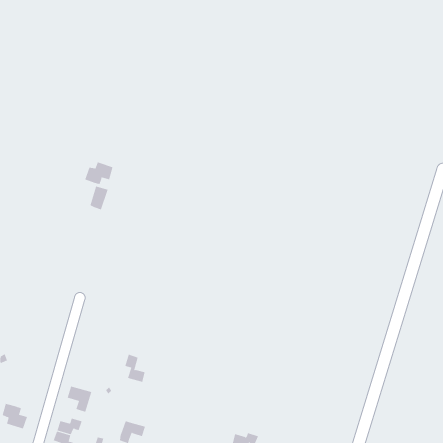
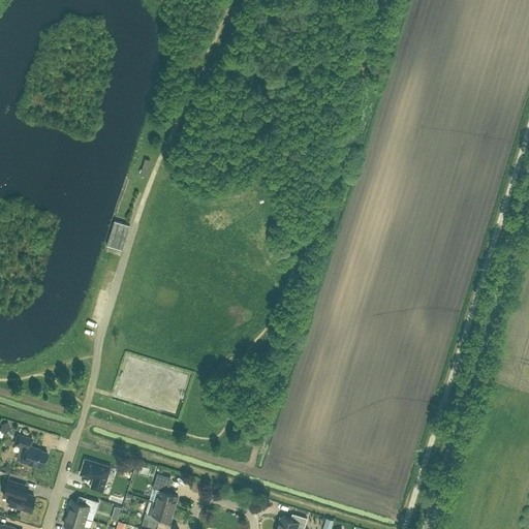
building: [85,161,113,185] -> none
building: [125,354,145,383] -> [152,474,177,508]
building: none -> [13,435,46,468]

